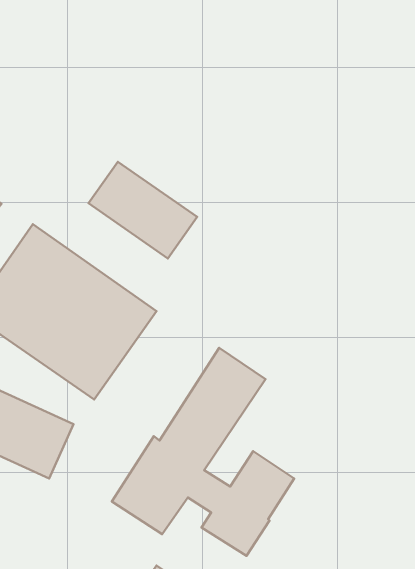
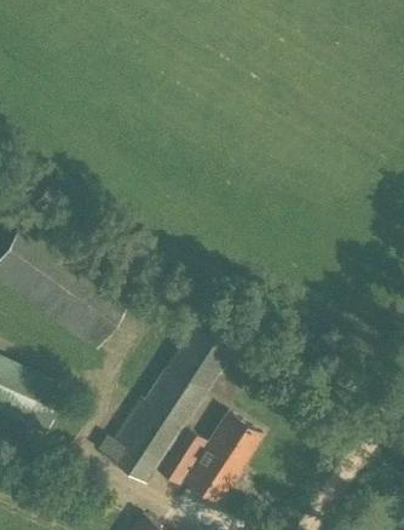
building: [89,162,197,258] -> none

